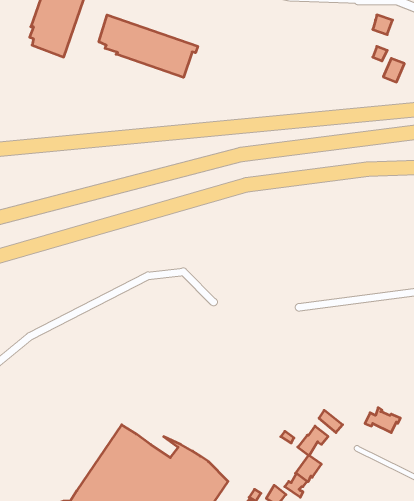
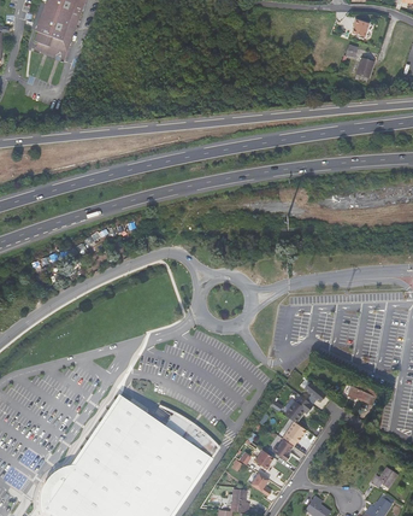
building: [99,15,198,77] -> none

